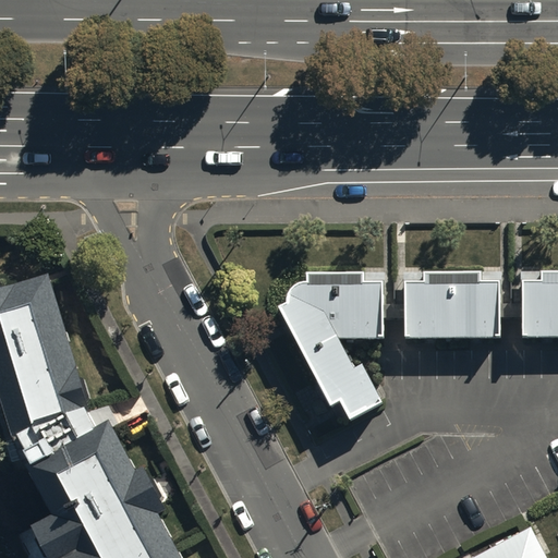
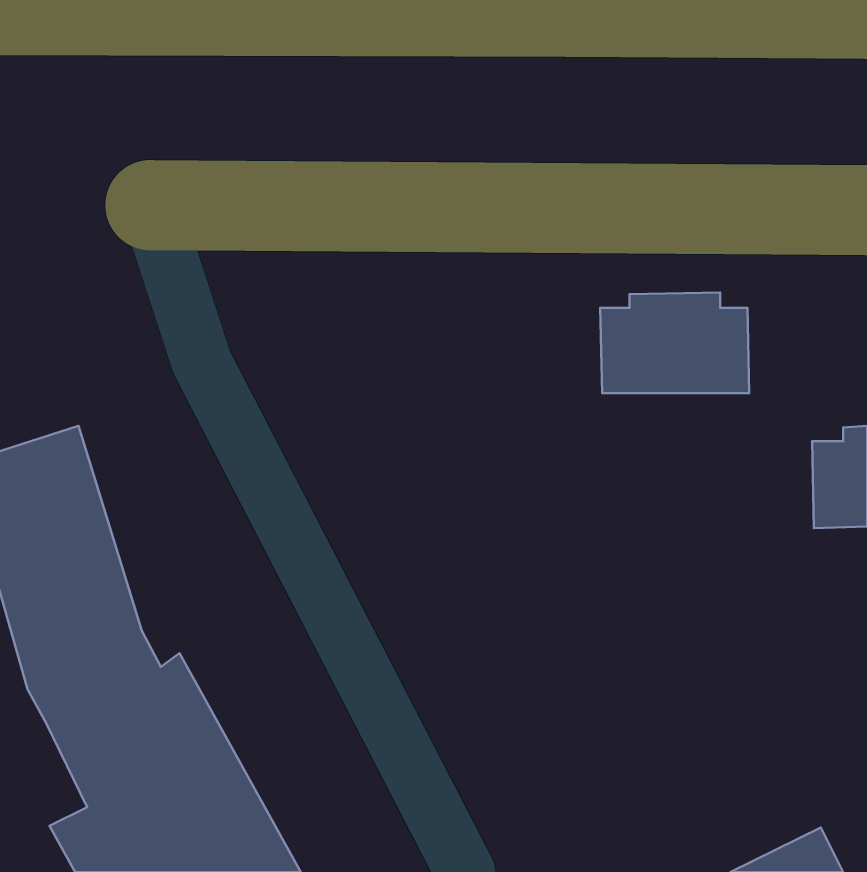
building: [402,274,497,338] -> [600,292,749,393]
building: [277,277,380,420] -> none

